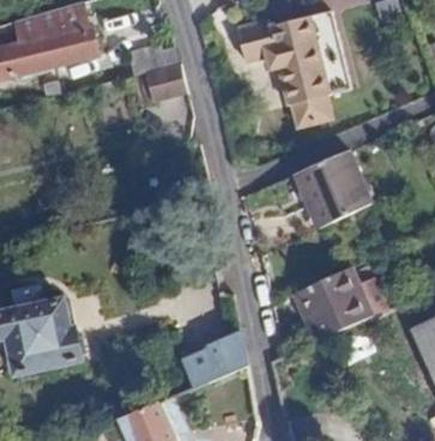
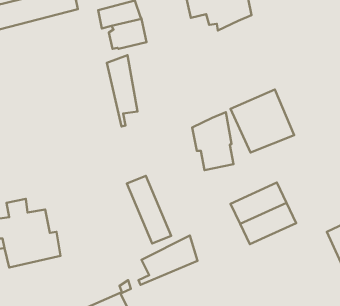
building: [277,59,328,131] -> [192,112,234,170]
building: none -> [107,55,137,127]
building: none -> [127,176,171,244]

